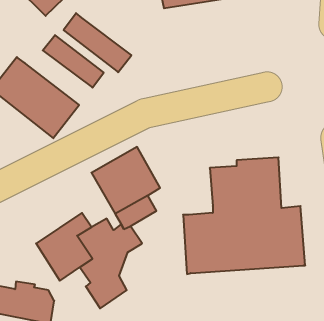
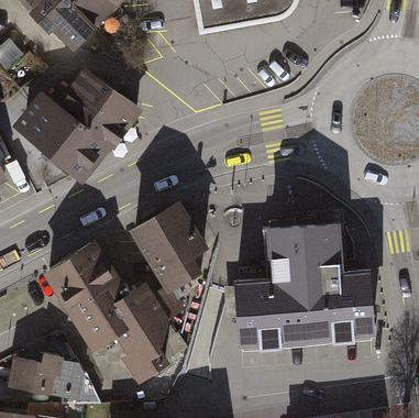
building: [64,13,131,72] -> [48,81,126,150]
building: none -> [38,239,114,309]

